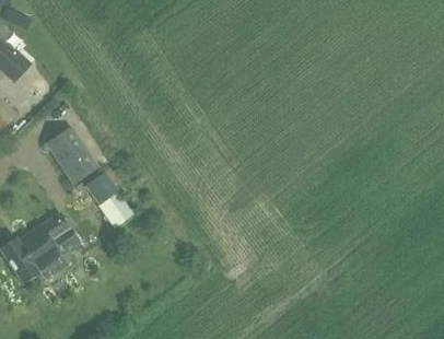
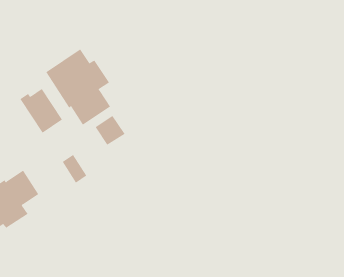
building: none -> [45,49,111,125]
building: [84,173,118,207] -> [95,115,126,146]

